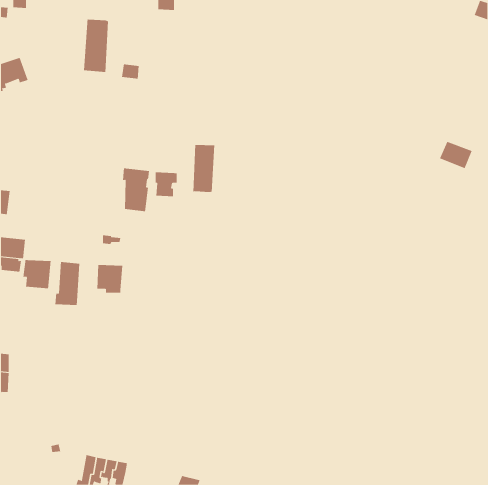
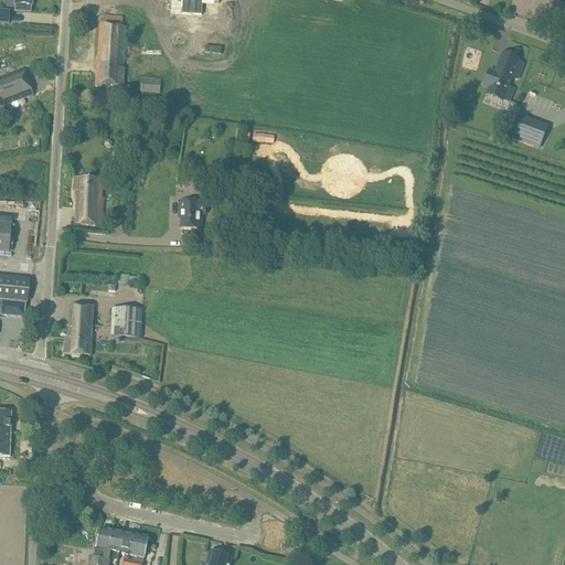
building: none -> [483,51,523,99]
building: [439,141,473,169] -> [509,114,547,146]
building: [193,144,215,193] -> none
building: [122,168,150,212] -> [73,174,105,225]
building: [23,259,51,289] -> none

